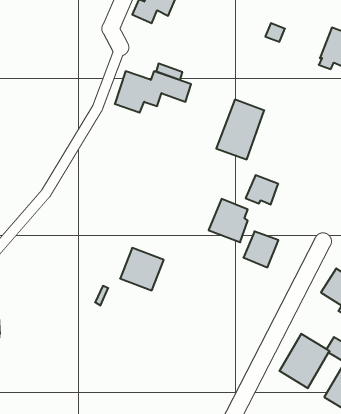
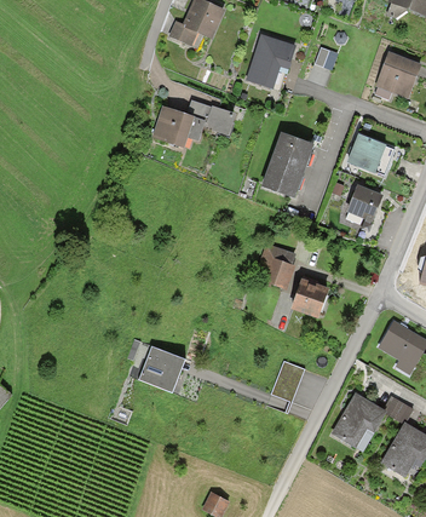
building: none -> [247,35,297,87]
building: none -> [347,132,395,174]
building: [246,175,278,205] -> [347,185,384,218]
building: [120,248,164,290] -> [138,346,186,394]
building: none -> [274,362,304,401]

